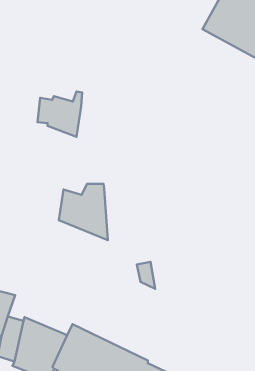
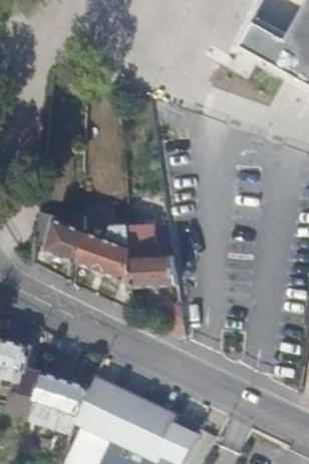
building: [38,92,82,137] -> [37,211,86,262]
building: none -> [130,225,177,288]

